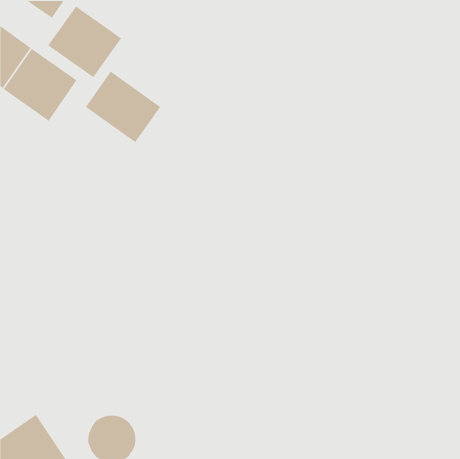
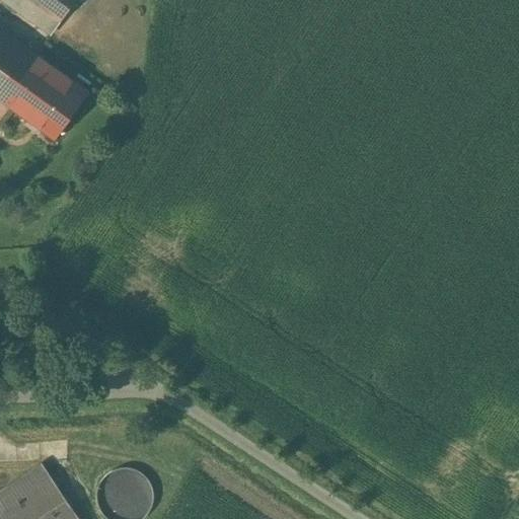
building: [47,5,122,78] -> none
building: [85,71,161,143] -> none

